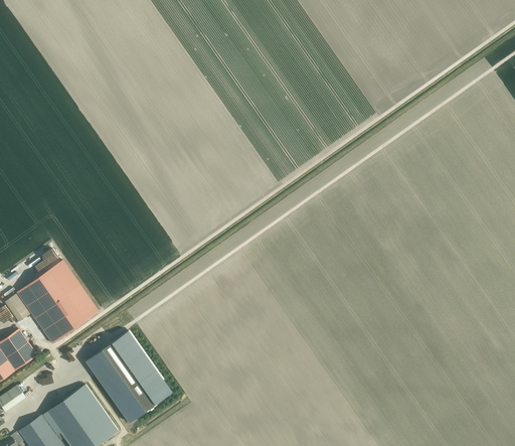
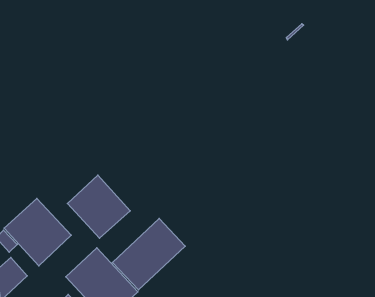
building: none -> [67,175,130,238]
building: none -> [112,219,185,290]

